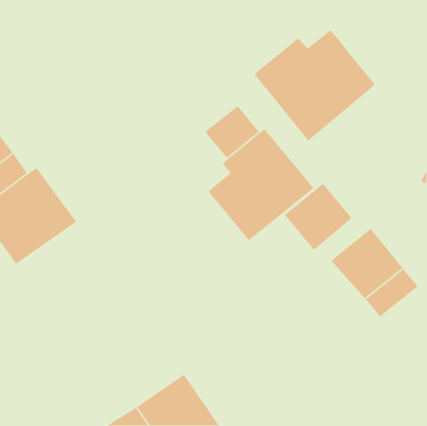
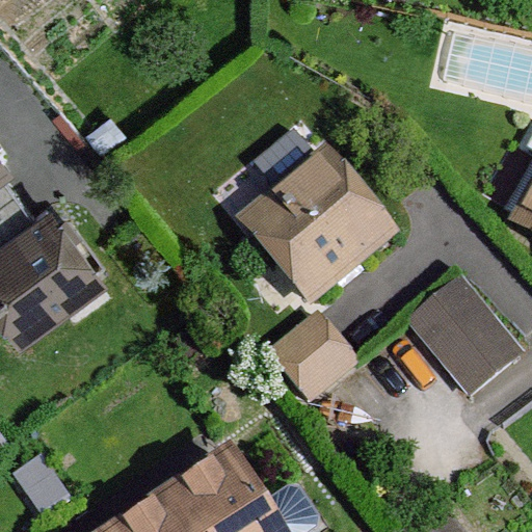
building: [254,29,376,141] -> none
building: [284,183,353,251] -> [270,317,355,401]

